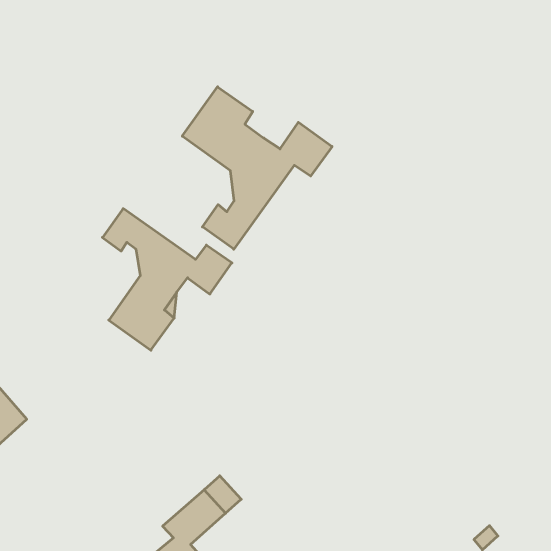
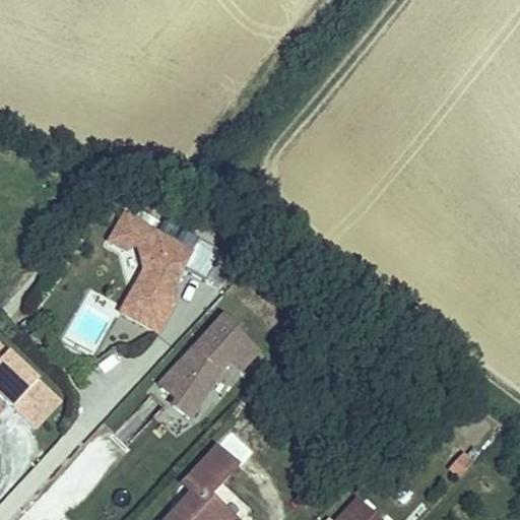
building: [182,87,332,249] -> none
building: none -> [158,316,257,416]

